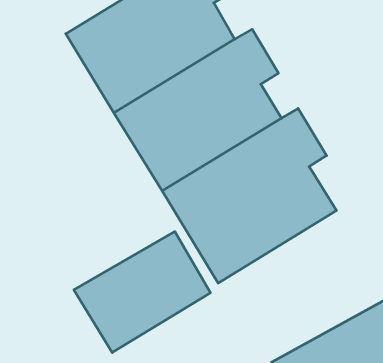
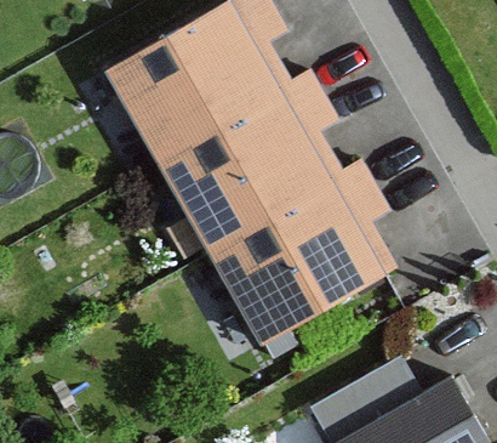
building: [74,232,210,353] -> none

